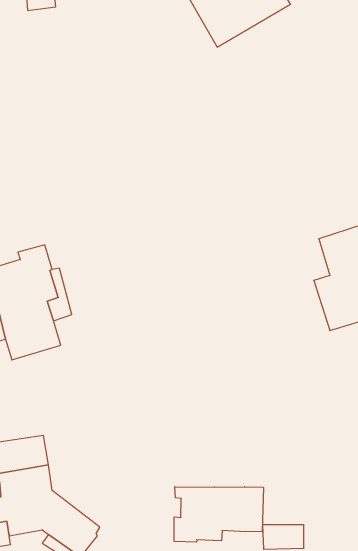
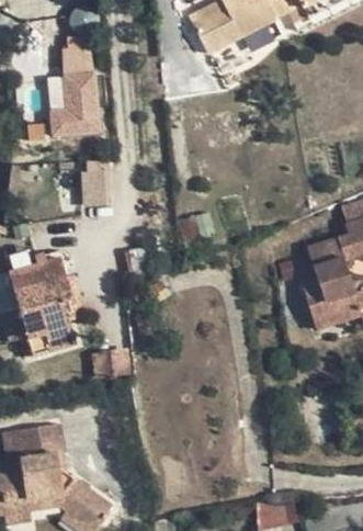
building: none -> [45,43,101,136]
building: none -> [82,158,106,203]
building: [174,487,263,542] -> none

